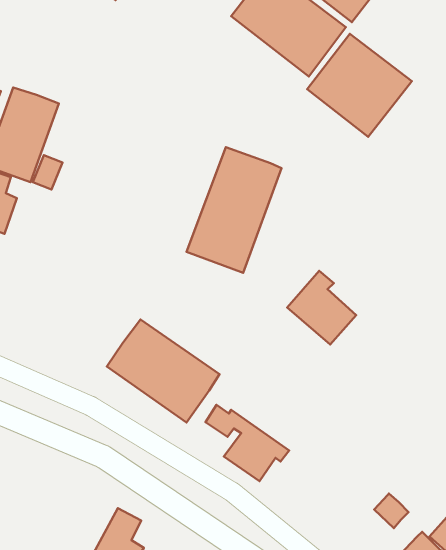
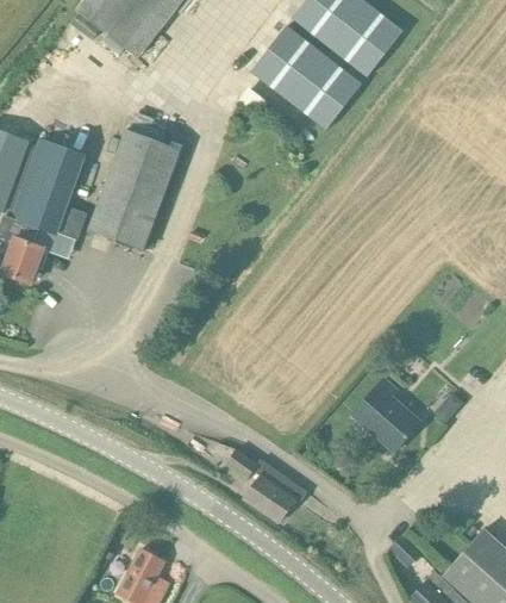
building: [307,34,412,137] -> none
building: [187,147,281,273] -> [88,130,180,251]
building: [287,271,356,345] -> [354,379,420,450]
building: [107,319,219,423] -> none

